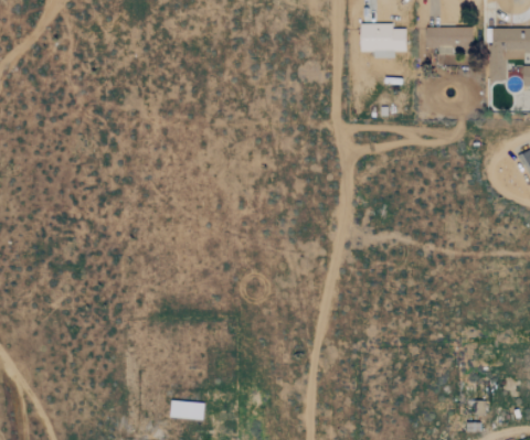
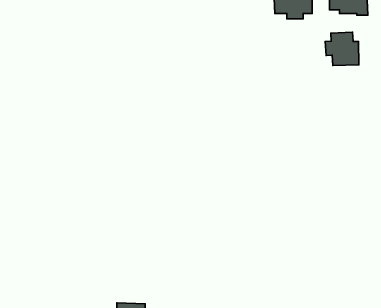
building: none -> [325,32,359,65]

